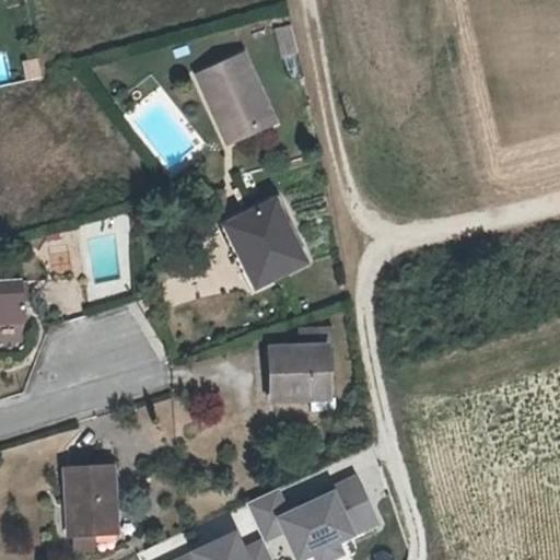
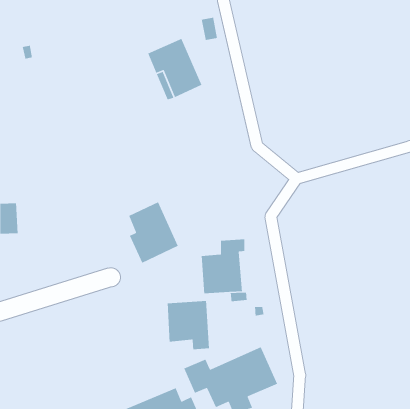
building: [234,201,303,287] -> [128,201,179,264]
building: none -> [167,300,210,350]
building: [65,468,114,537] -> none

